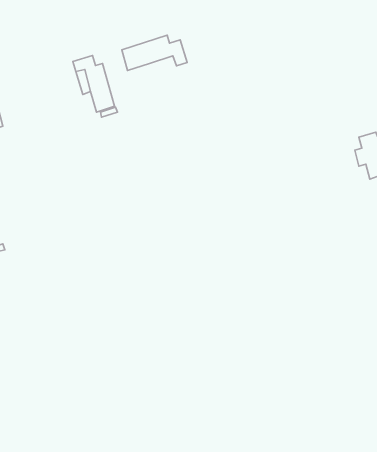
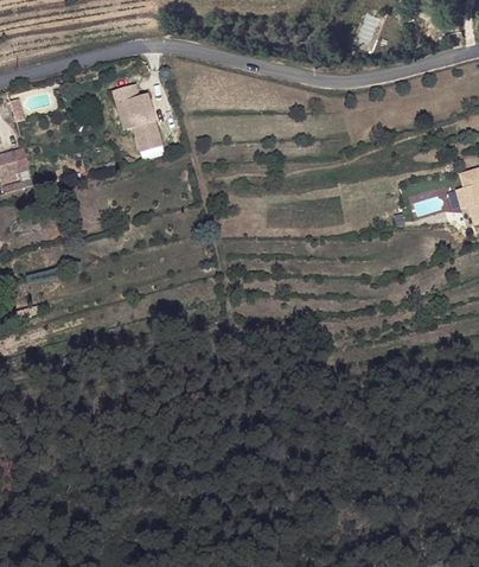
building: [122,35,187,71] -> none

